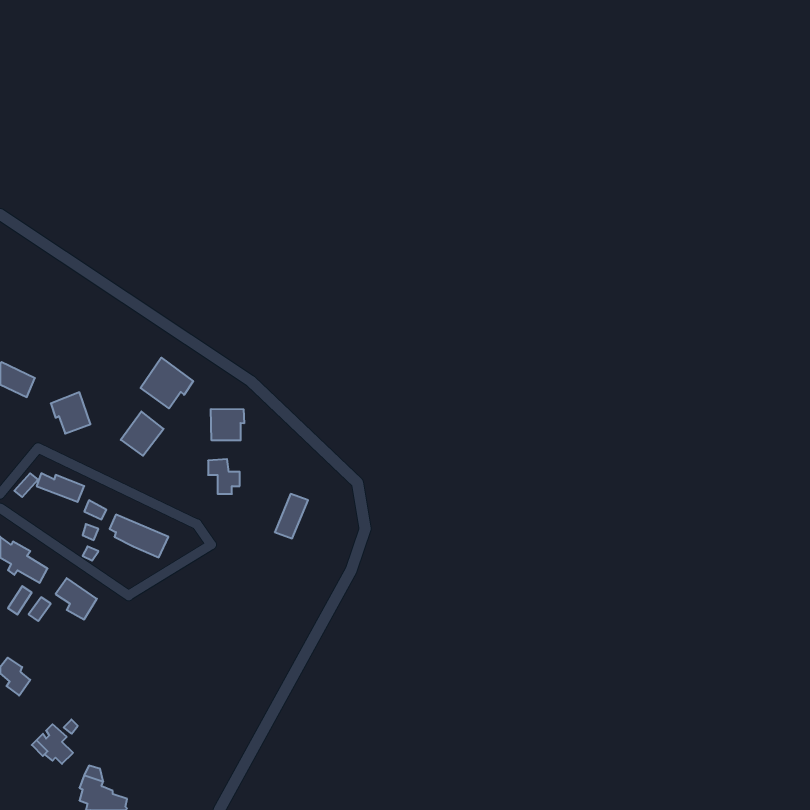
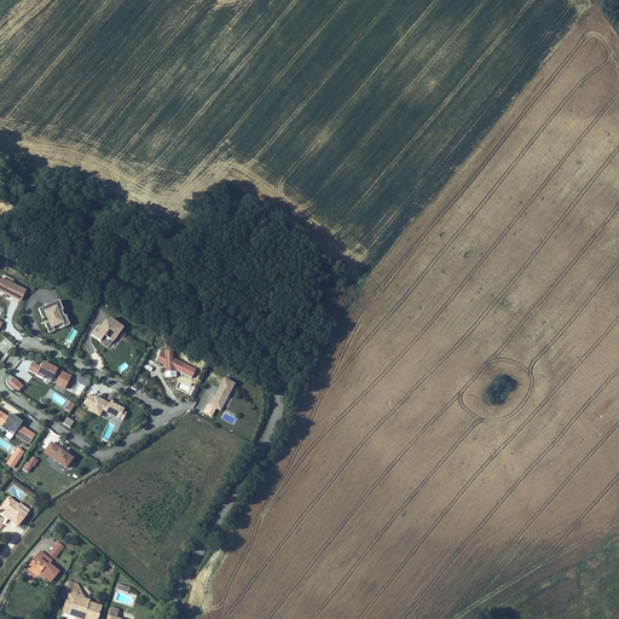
building: [141,358,193,408] -> none
building: [211,409,244,440] -> none

